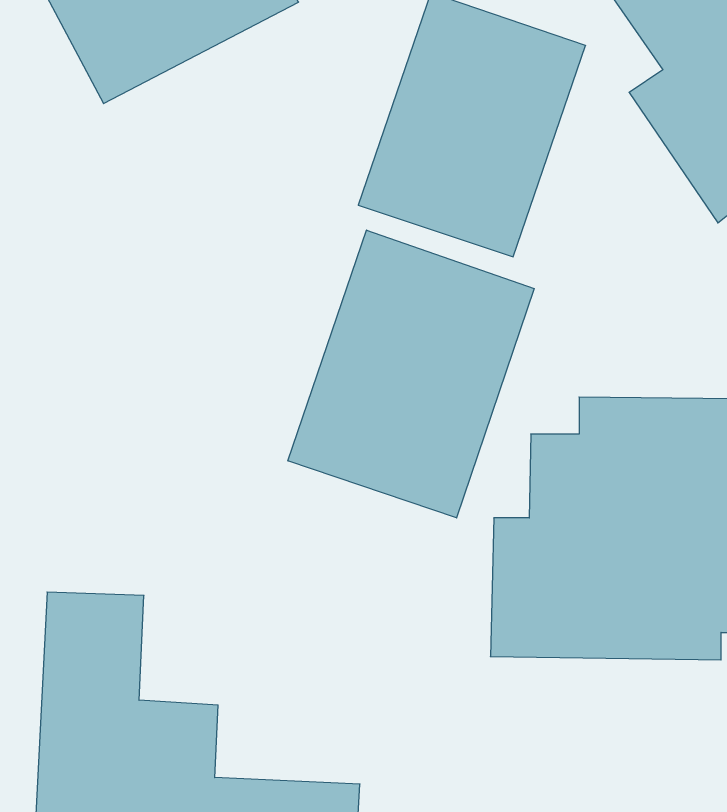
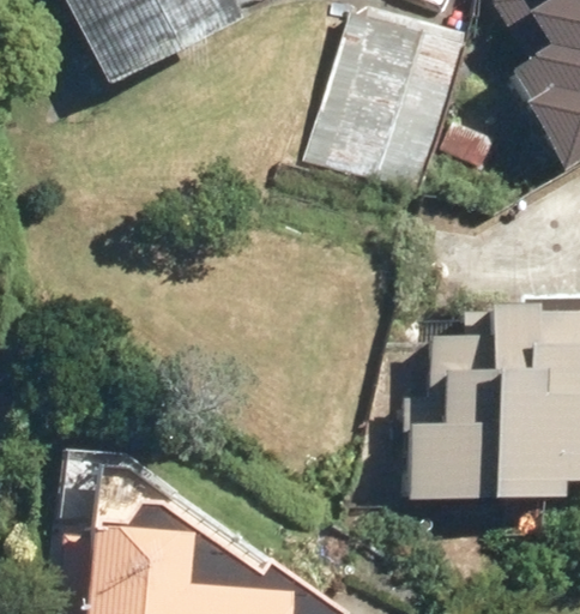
building: [288,230,534,518] -> none

